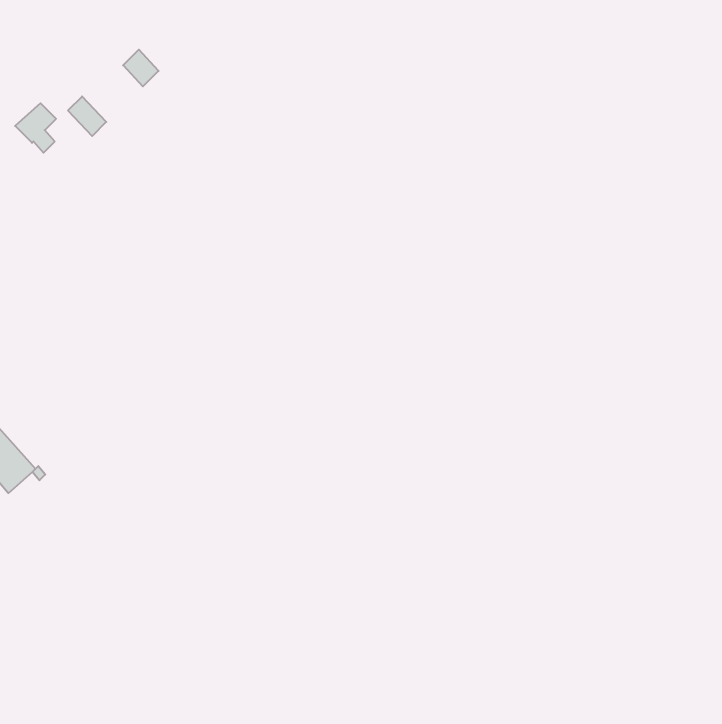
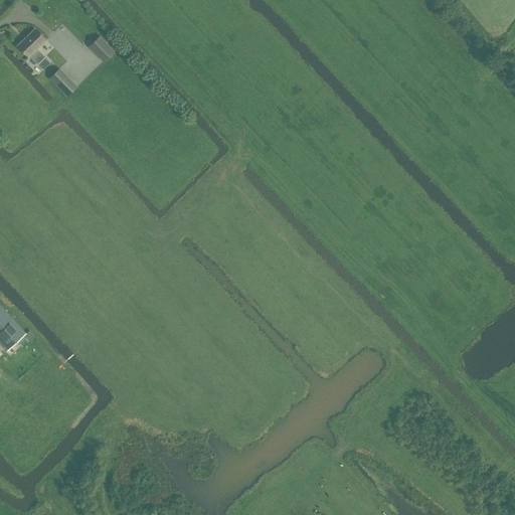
building: [15,103,56,153] -> [16,29,45,64]

